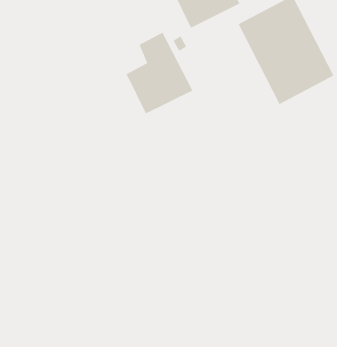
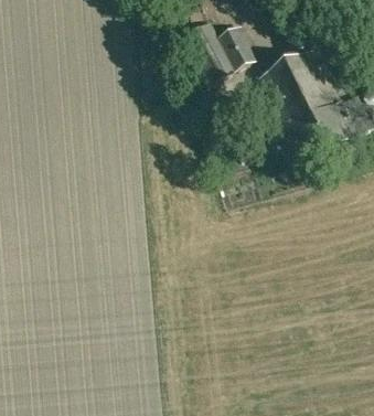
building: [126,32,193,115] -> none

